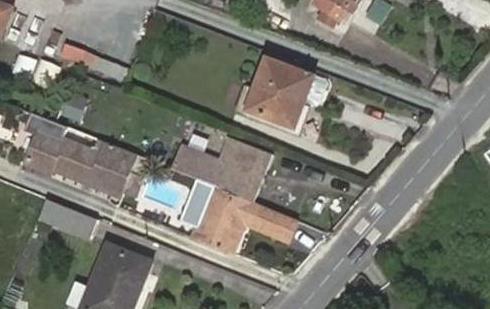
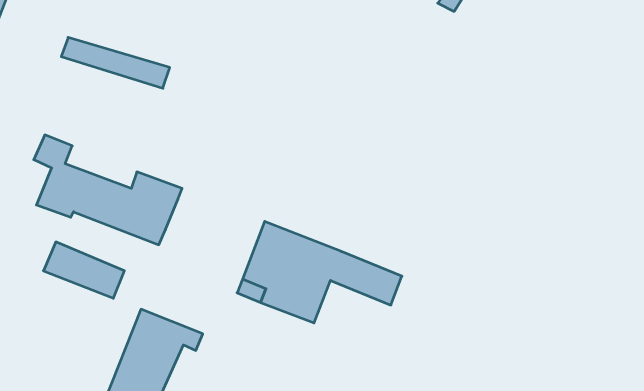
building: [235,56,312,127] -> none
building: [145,135,272,201] -> none

